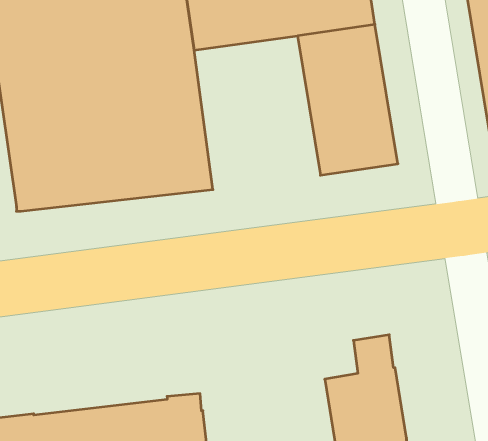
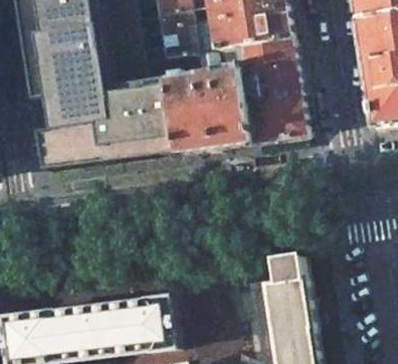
building: none -> [163,44,251,152]

